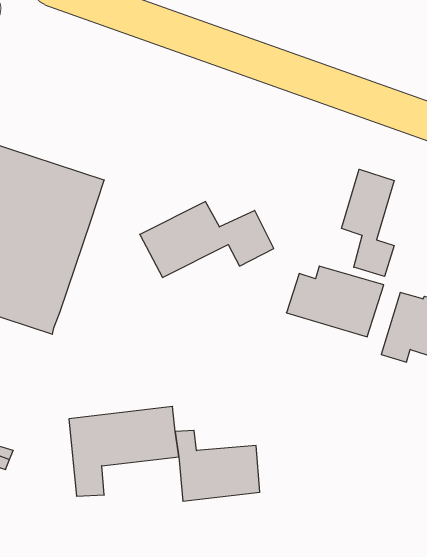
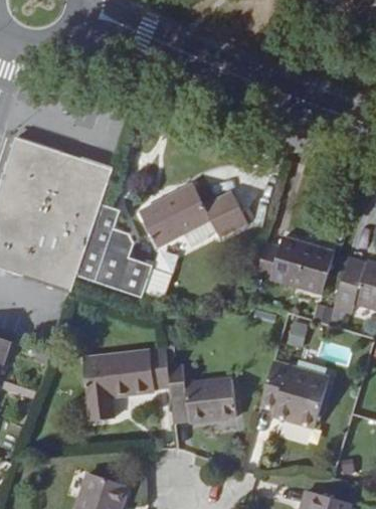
building: [342,169,394,276] -> none
building: none -> [76,202,153,296]
building: none -> [259,362,329,429]

